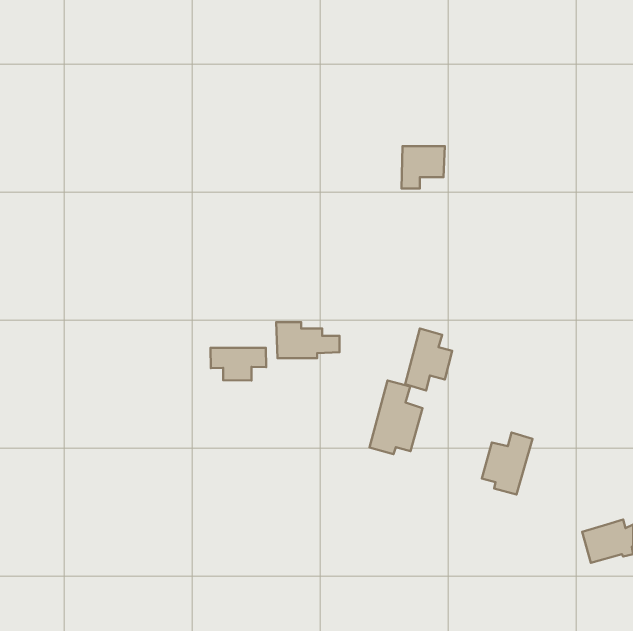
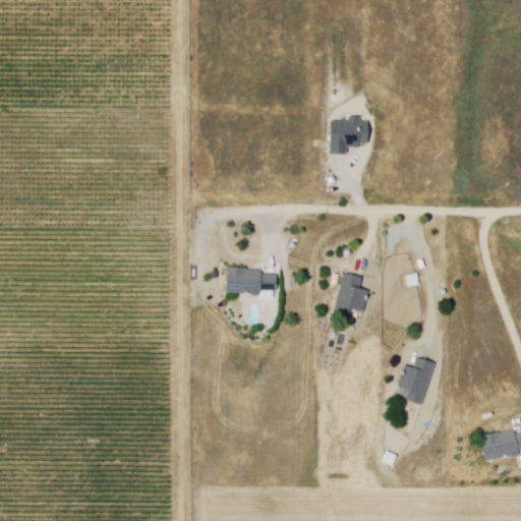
building: [211,348,266,380] -> none
building: [369,380,422,454] -> none

